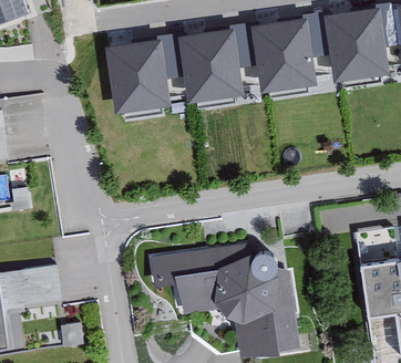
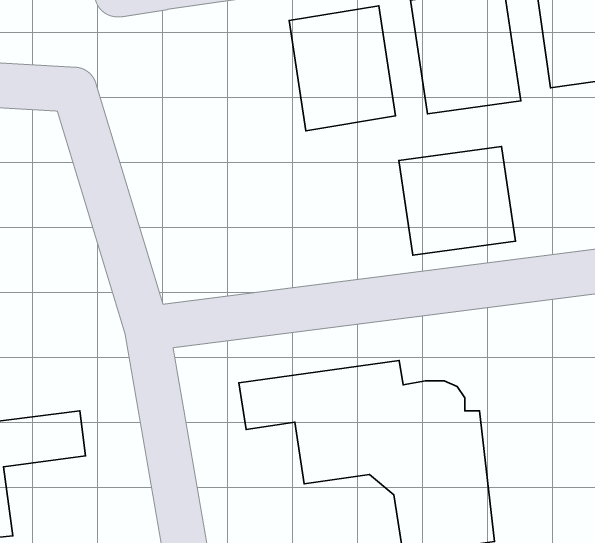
building: [106,42,169,116] -> none
building: none -> [399,146,516,255]

